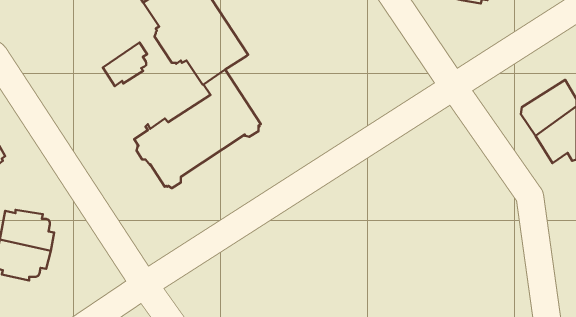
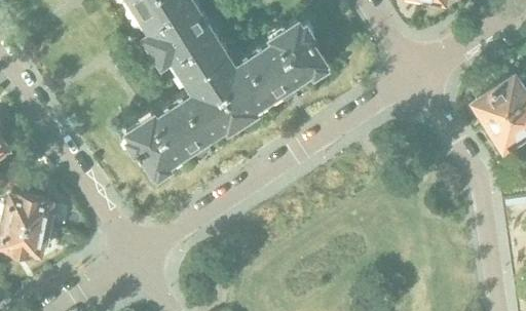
building: none -> [209,21,327,120]
building: [103,42,147,86] -> none

